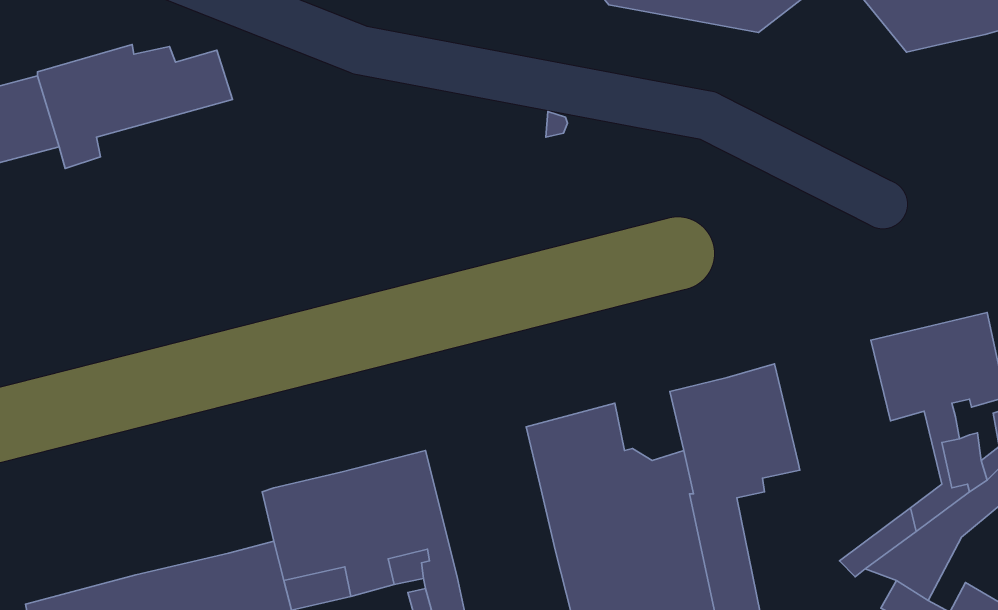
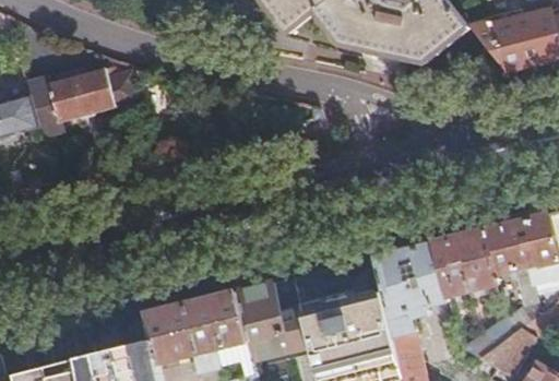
building: none -> [433,228,500,296]
building: none -> [240,281,312,359]

